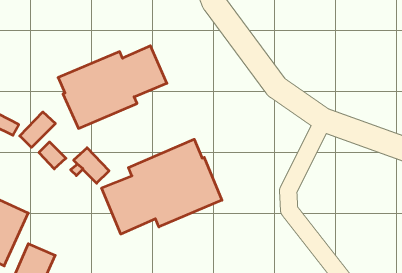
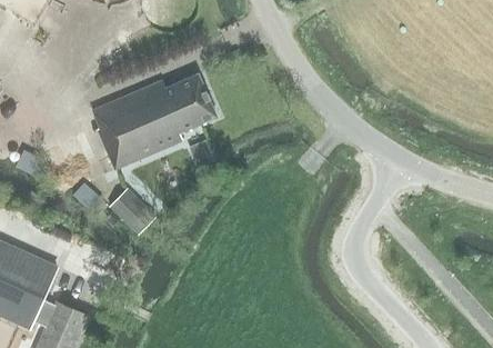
building: [20,112,55,147] -> none
building: [102,139,222,234] -> none

